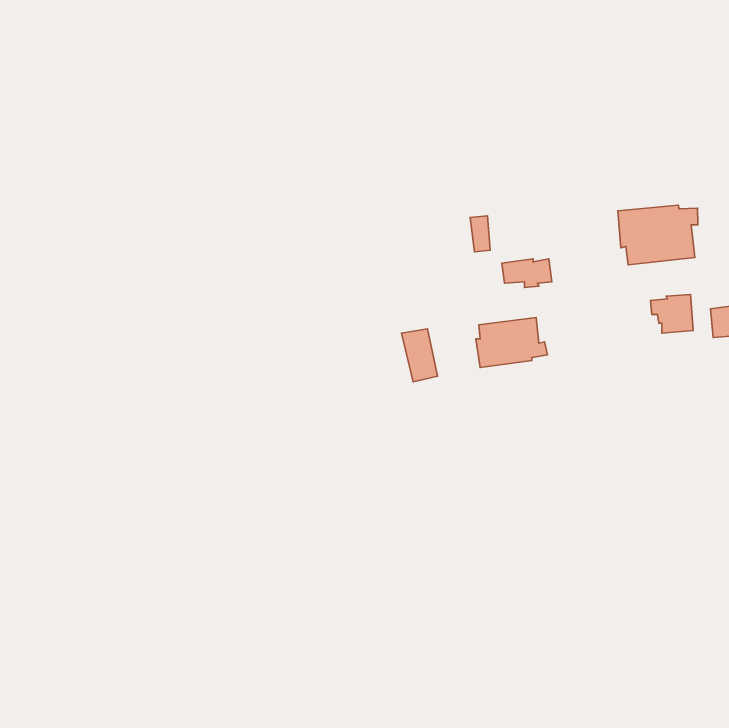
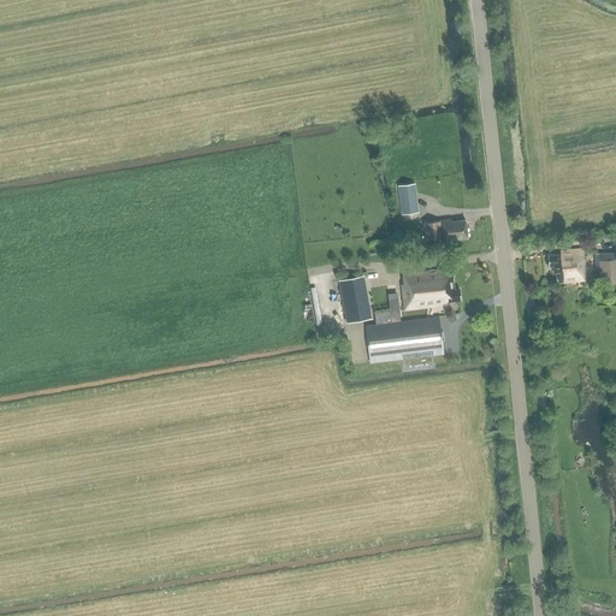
building: [618,205,698,265] -> none
building: none -> [368,316,443,362]

